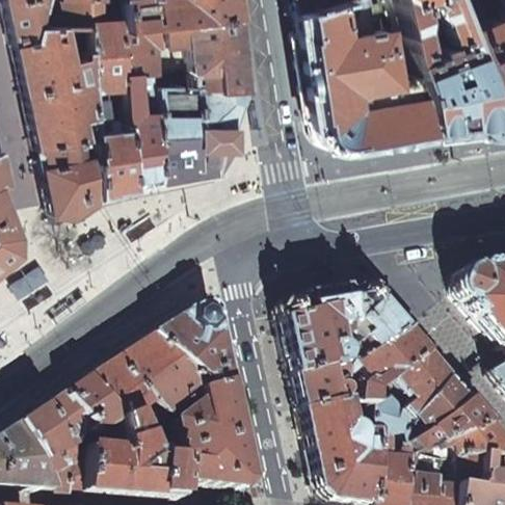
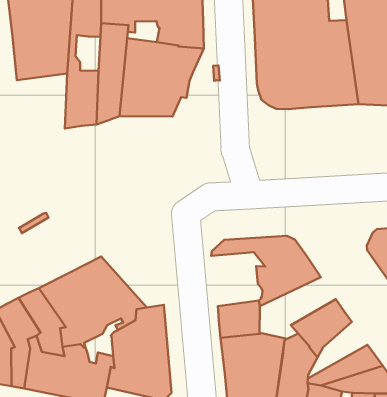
building: [45,130,105,211] -> none
building: [162,300,239,384] -> none
building: [287,309,349,374] -> none
building: [348,328,433,402] -> none
building: [411,375,475,445] -> none

